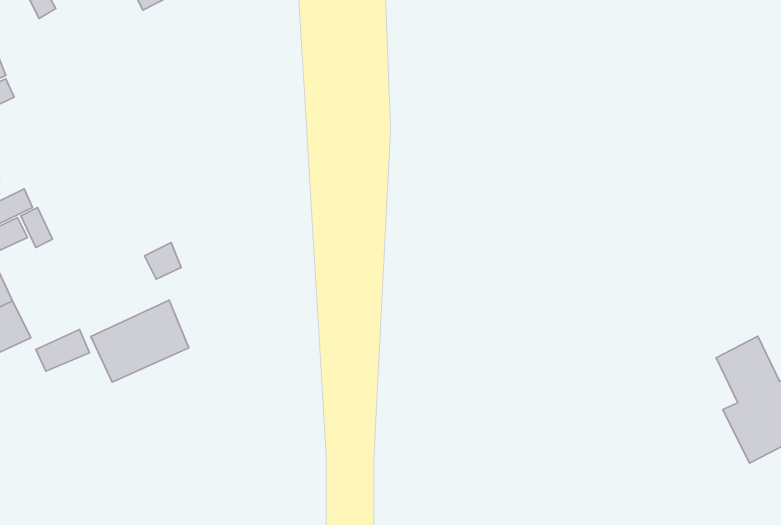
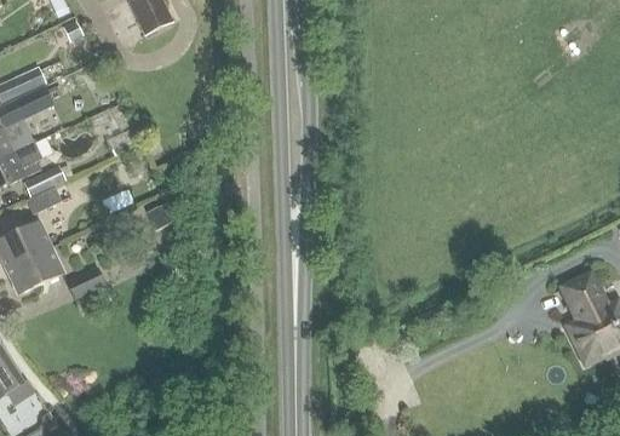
building: [91,300,189,382] -> none

